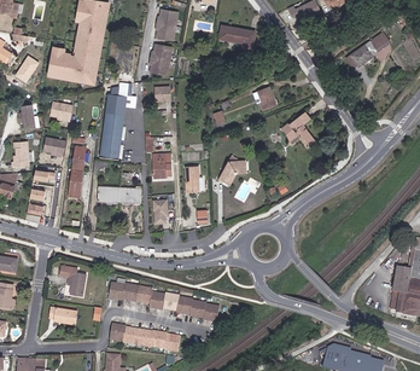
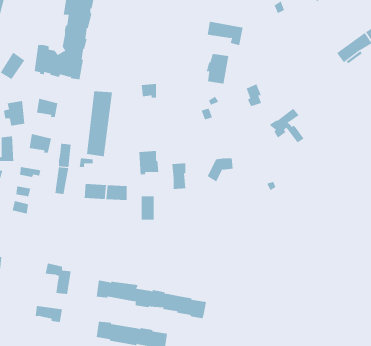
building: [156,10,177,41] -> none
building: [148,45,171,75] -> [206,54,229,84]

